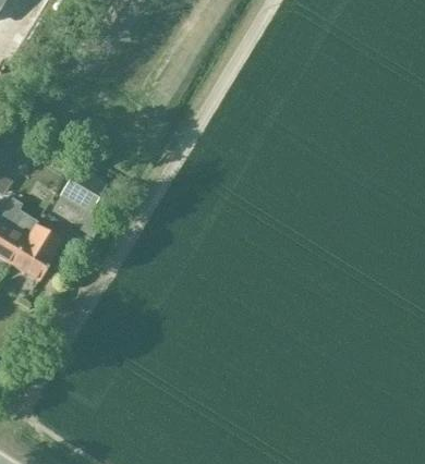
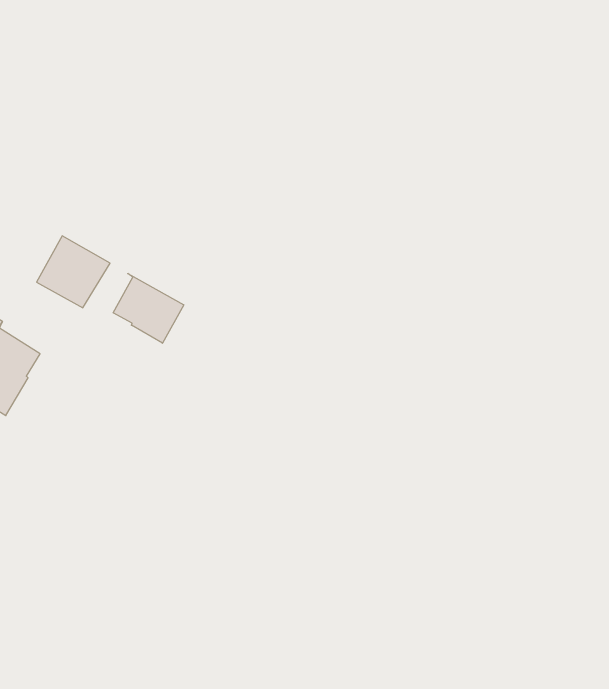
building: none -> [113,274,184,343]

